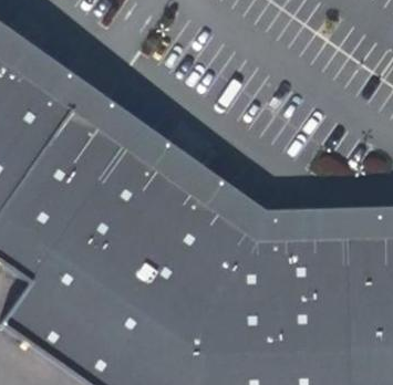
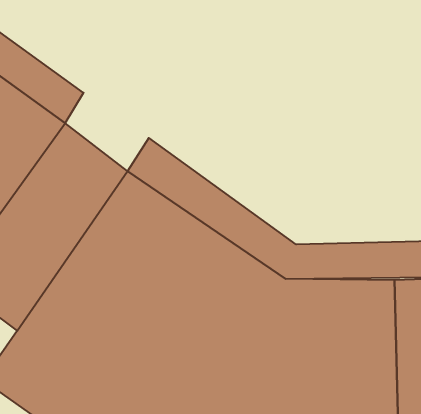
building: [70,81,139,146] -> none

